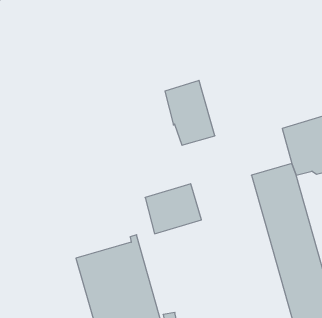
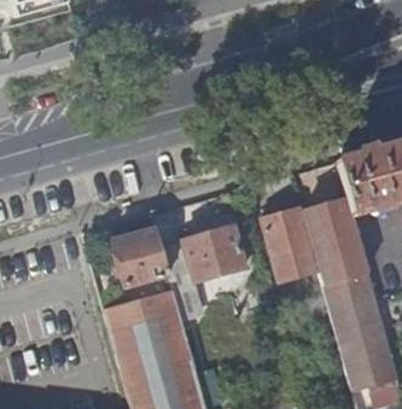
building: [165,80,215,145] -> [261,204,317,277]
building: none -> [111,226,168,284]

